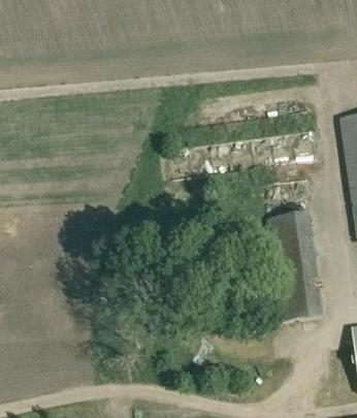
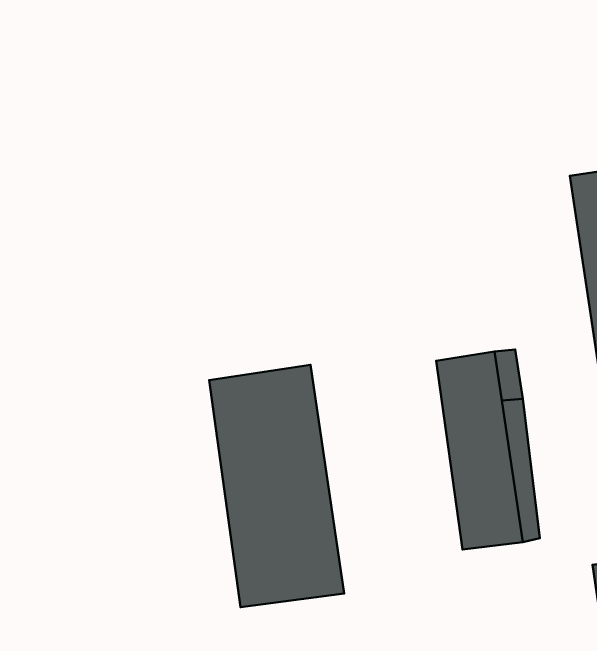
building: none -> [209,365,344,607]

